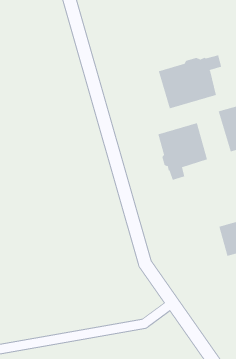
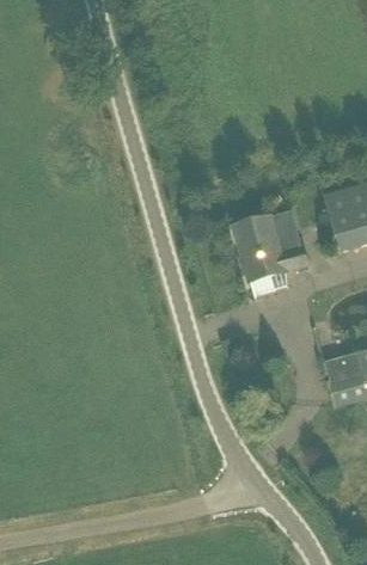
building: [158,54,222,109] -> none

